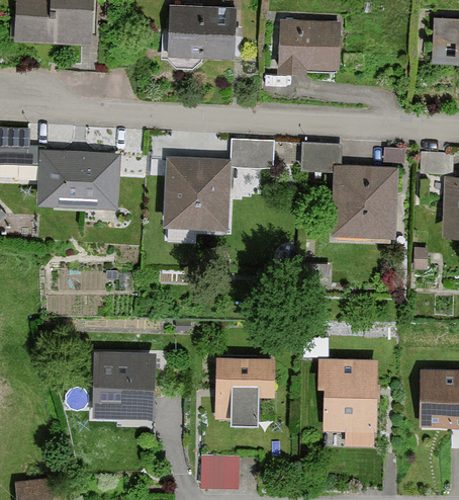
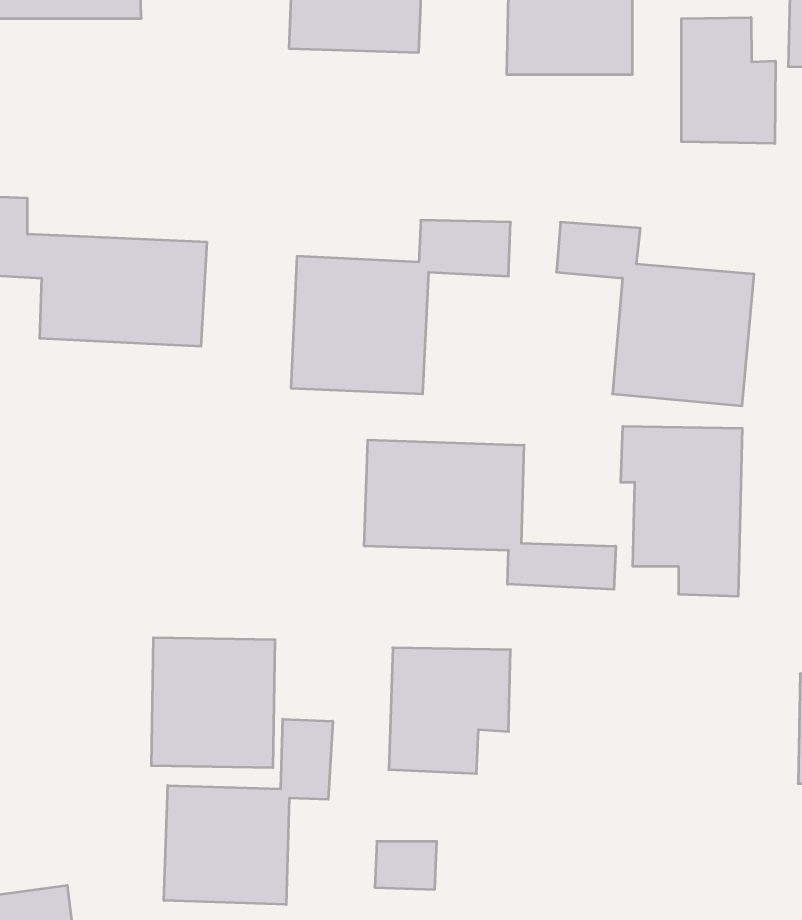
building: none -> [681,17,775,144]
building: none -> [364,440,616,589]
building: [316,361,378,447] -> [621,426,742,596]
building: none -> [164,719,333,905]

